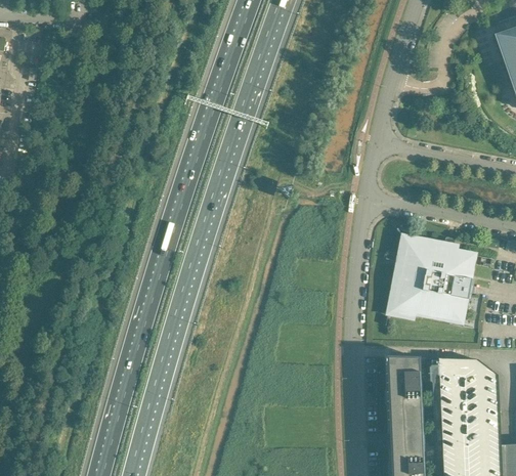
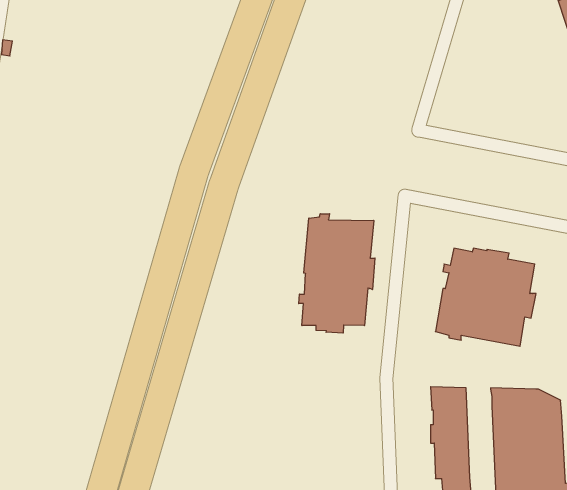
building: none -> [299,214,375,333]

